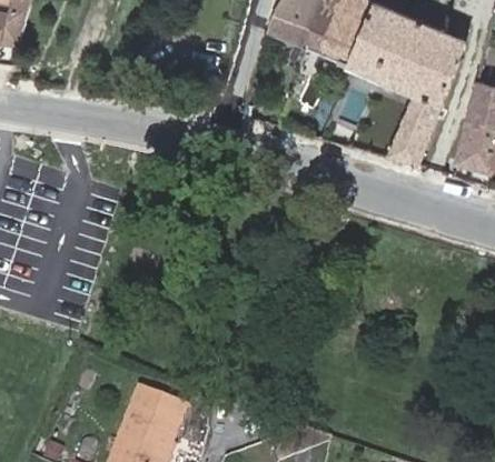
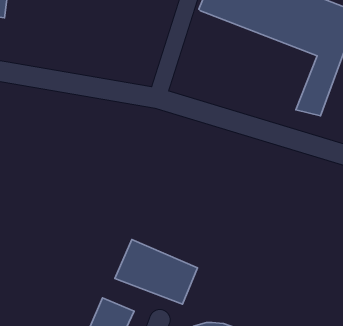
building: none -> [115,240,197,304]

